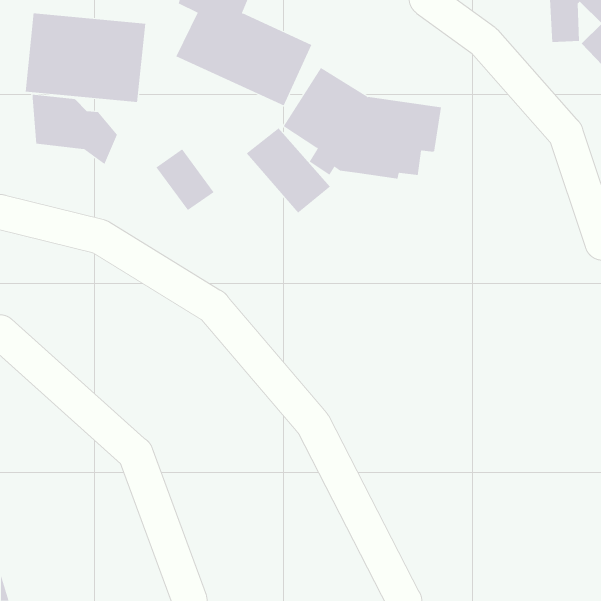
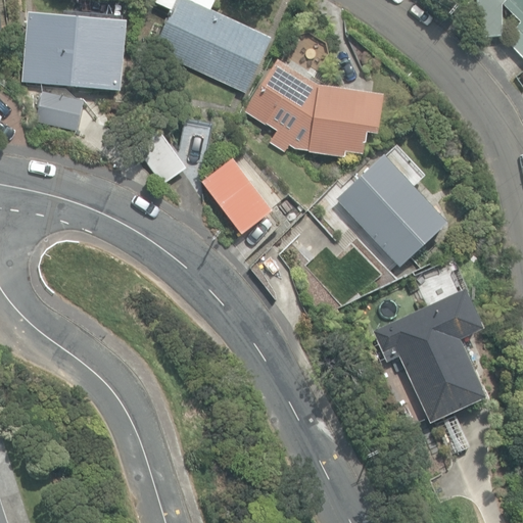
building: [246,128,331,214] -> [195,167,269,241]
building: none -> [336,152,448,267]
building: none -> [365,287,486,420]

